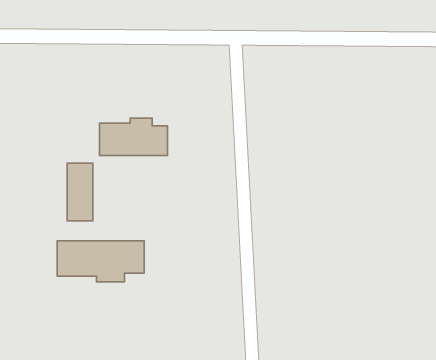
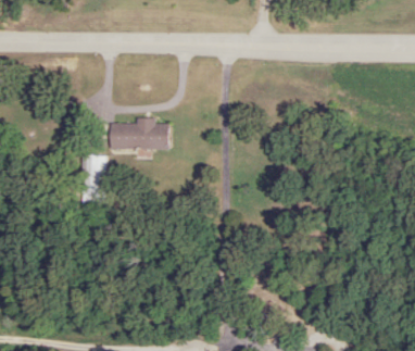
building: [57,241,144,282] -> none

